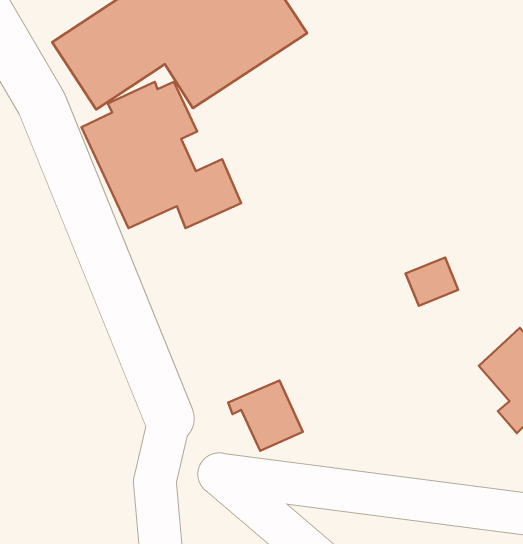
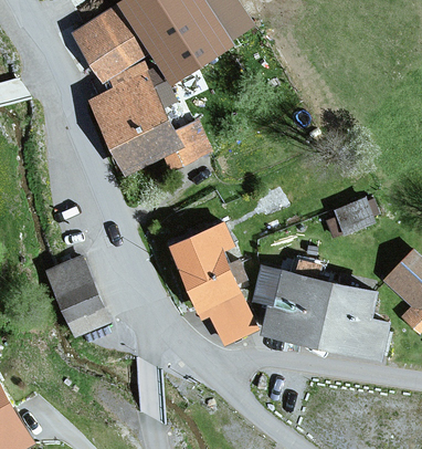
building: none -> [171,223,238,307]
building: none -> [48,260,104,335]
building: none -> [255,269,389,355]

